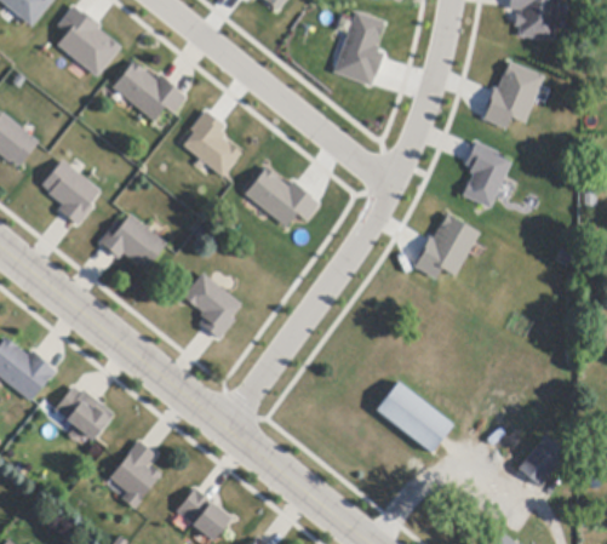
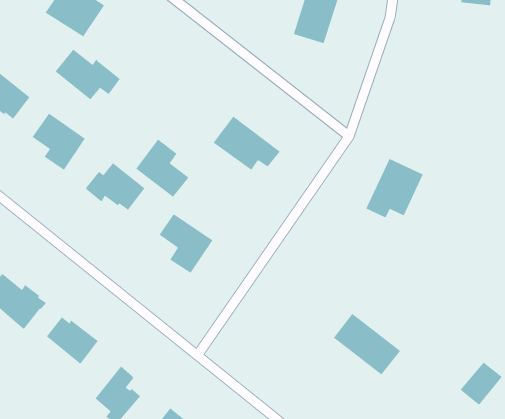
building: [480,58,543,127] -> none
building: [114,63,188,121] -> [55,49,121,101]
building: [178,108,239,174] -> [135,138,189,198]
building: [462,138,511,207] -> none

